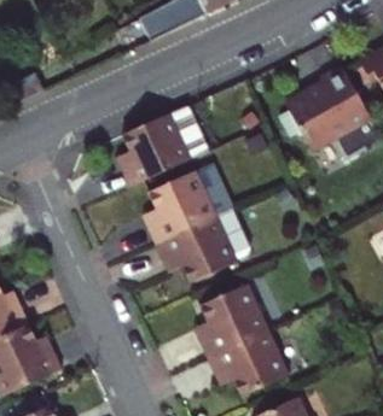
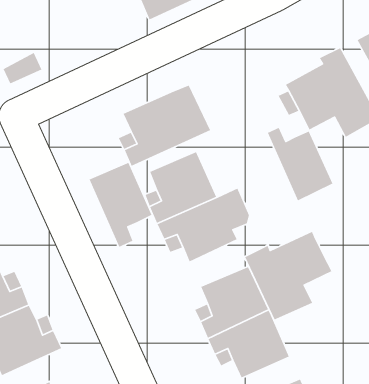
building: none -> [267,127,334,201]
building: none -> [89,162,153,248]
building: none -> [244,231,332,321]

